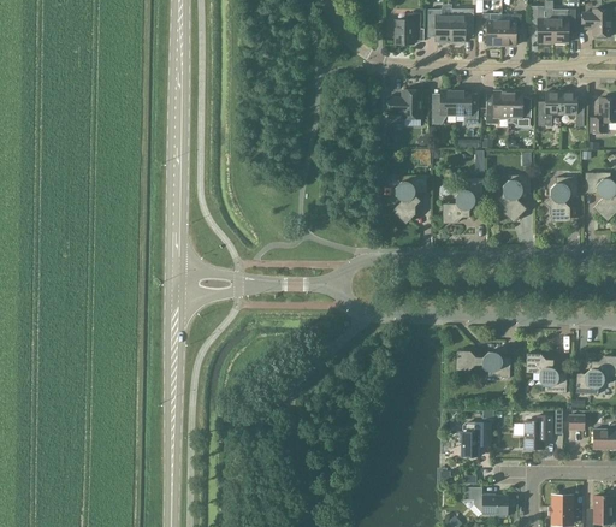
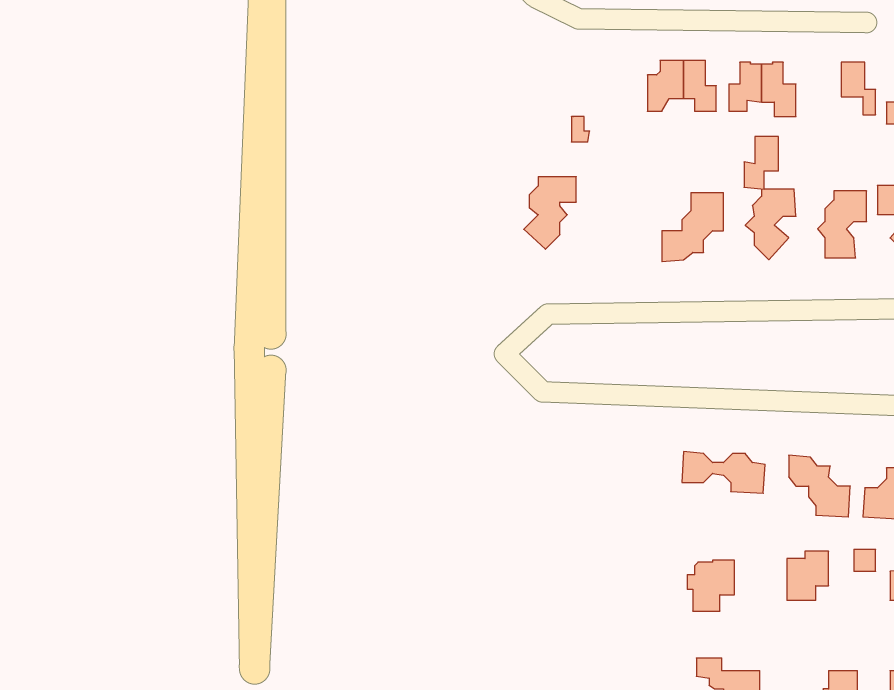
building: [387,89,422,118] -> none
building: [539,90,562,125] -> [744,137,778,189]
building: [392,174,427,223] -> [524,177,576,249]

